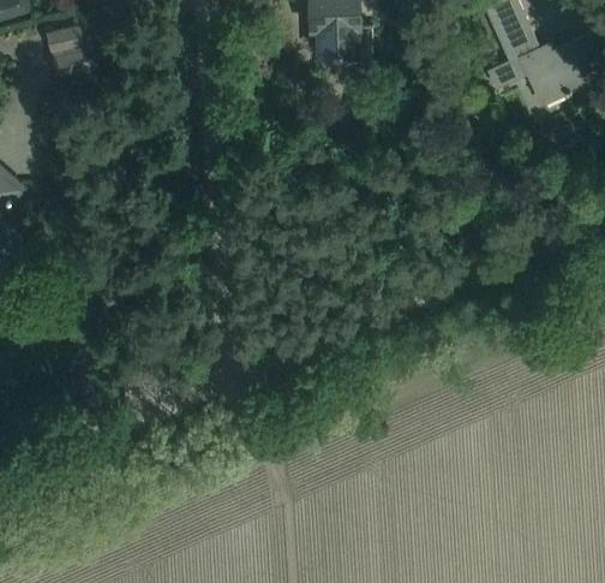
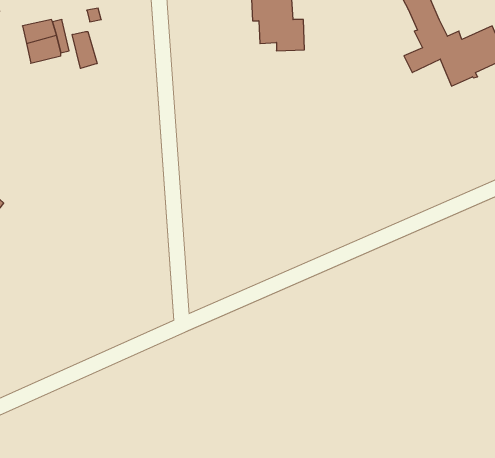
building: none -> [72,32,97,68]

